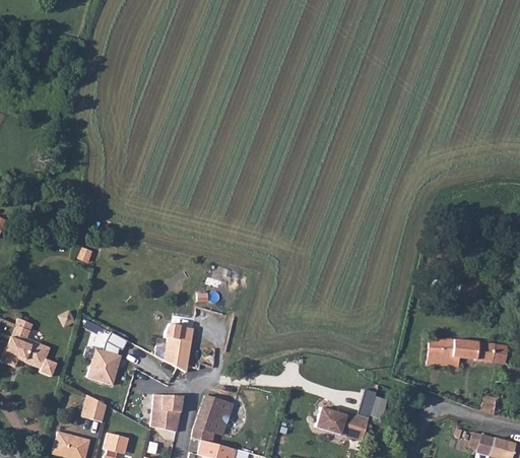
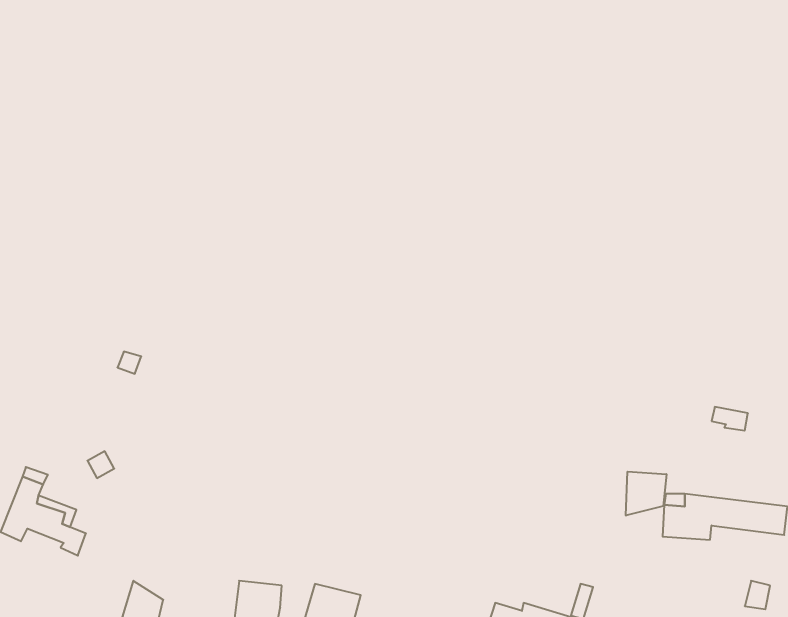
building: none -> [626,472,666,516]
building: [164,324,194,373] -> none
building: [87,331,126,384] -> none

